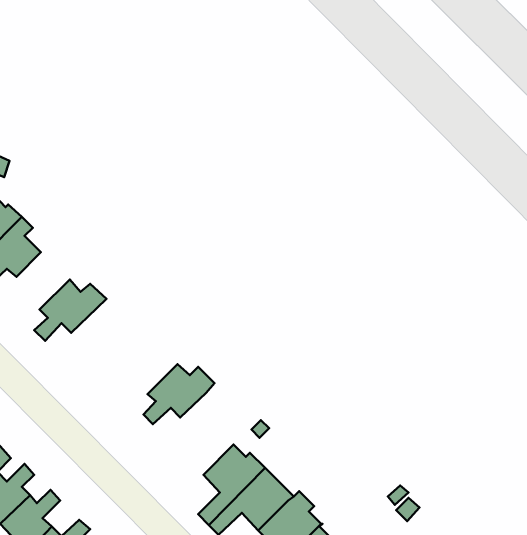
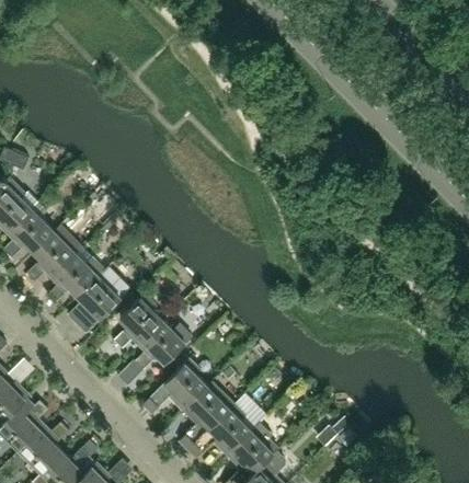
building: none -> [26,225,82,281]
building: none -> [71,266,130,333]
building: none -> [113,292,162,348]
building: none -> [142,359,207,414]

